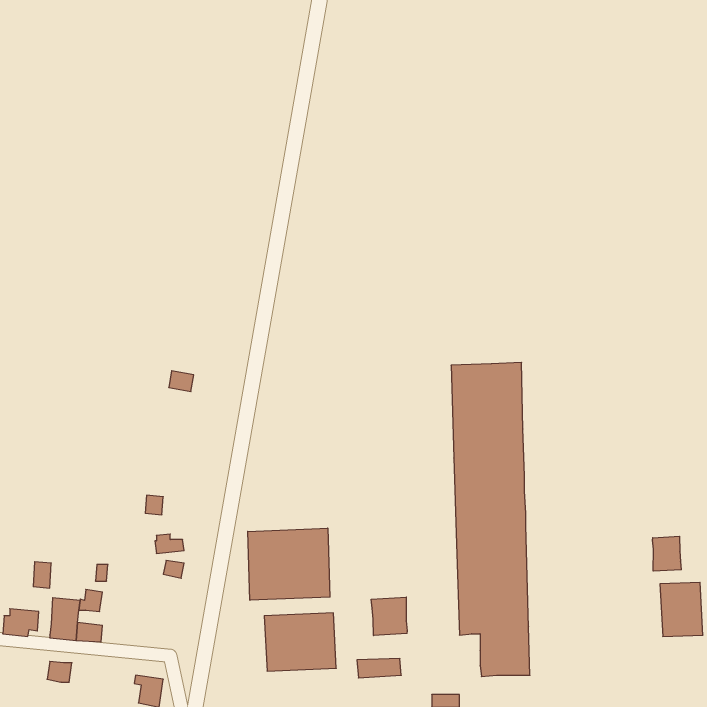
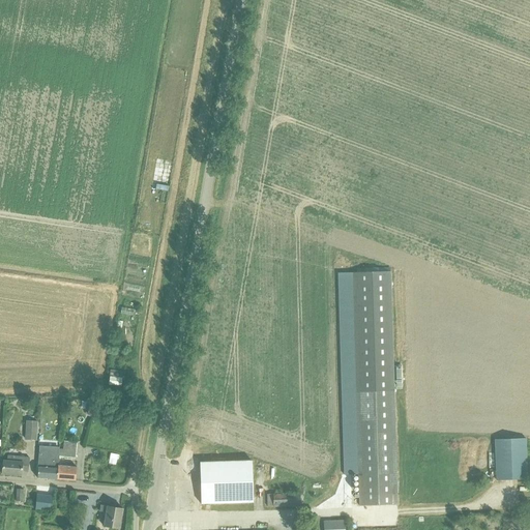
building: [248,528,330,600] -> none
building: [653,536,681,571] -> none
building: [371,597,407,636] -> none

